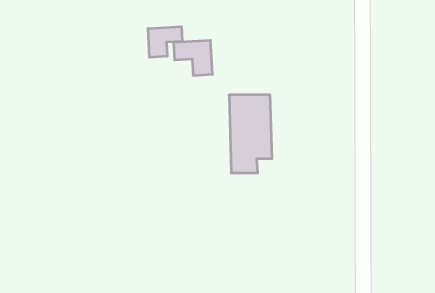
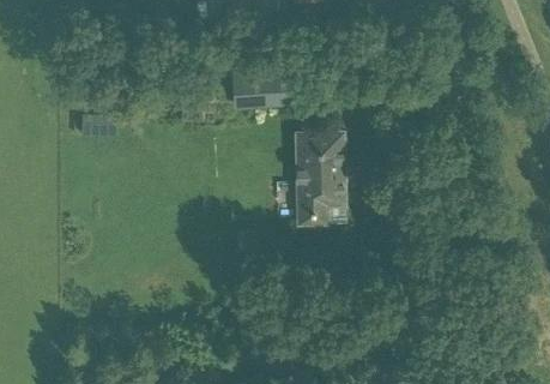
building: [148,27,182,57] -> none

